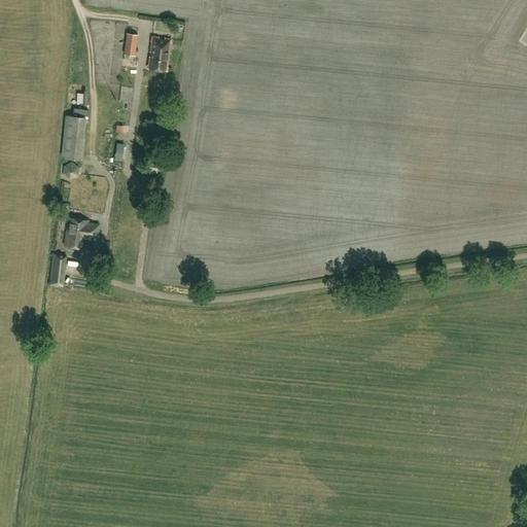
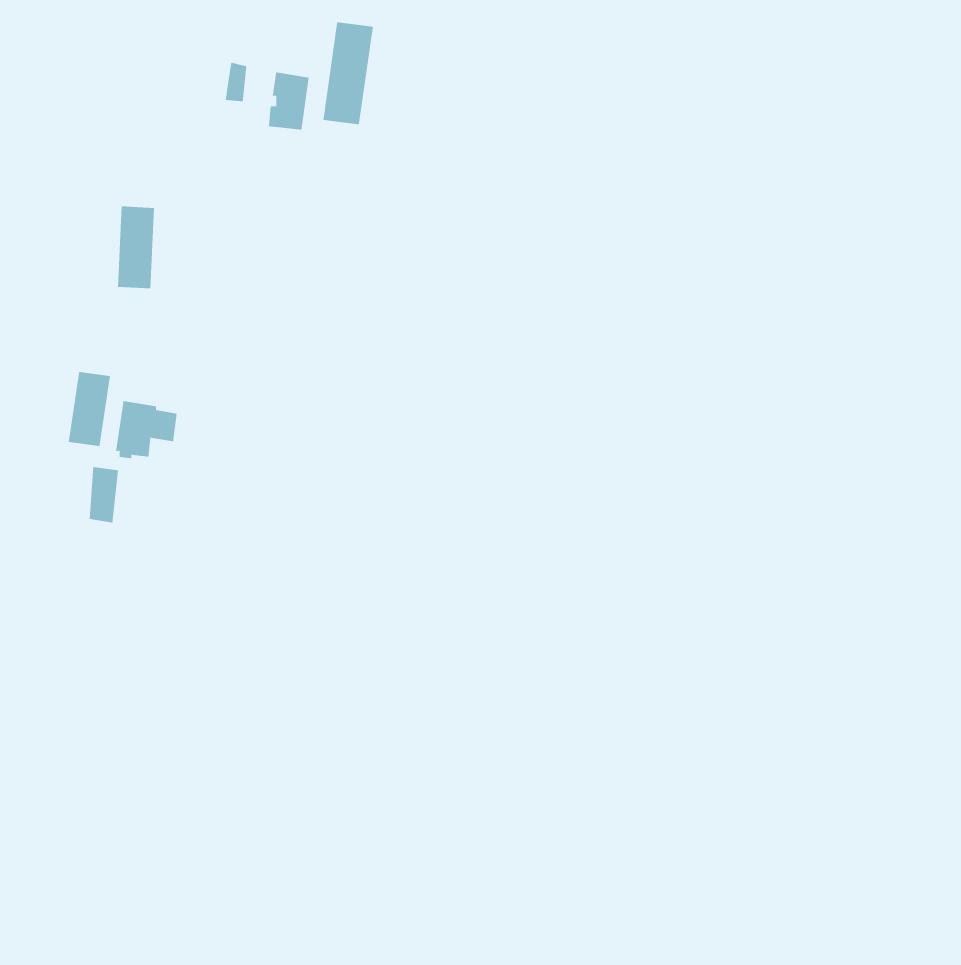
building: none -> [323,21,373,125]
building: none -> [68,371,110,447]

